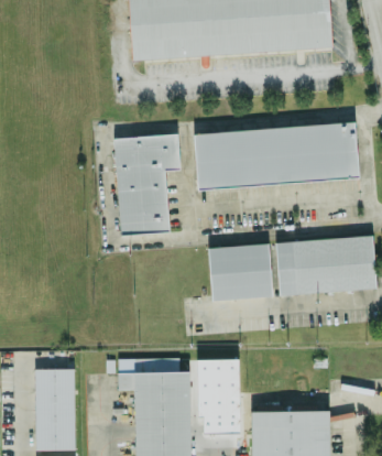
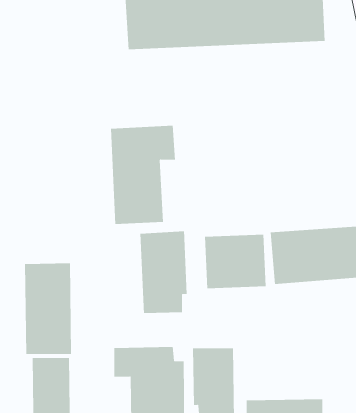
building: [194,123,358,188] -> none
building: none -> [140,231,187,314]
building: none -> [25,262,72,355]

